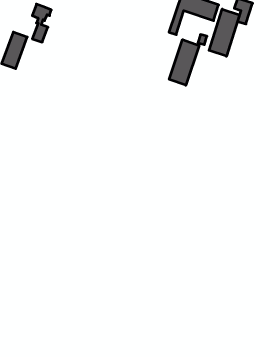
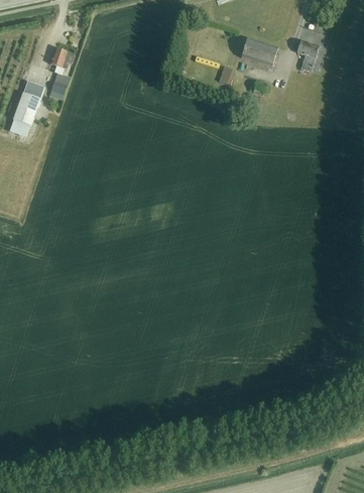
building: [209,9,240,56] -> none
building: [169,40,199,85] -> none

